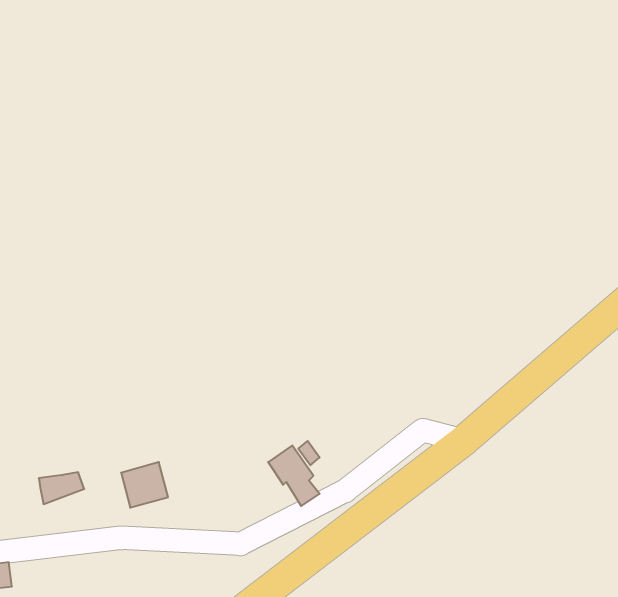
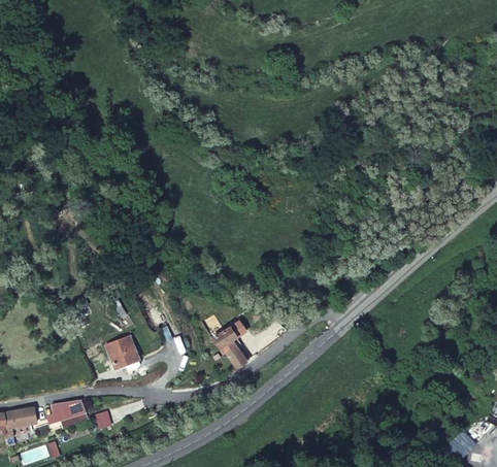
building: [39,472,84,504] -> [52,401,82,423]

